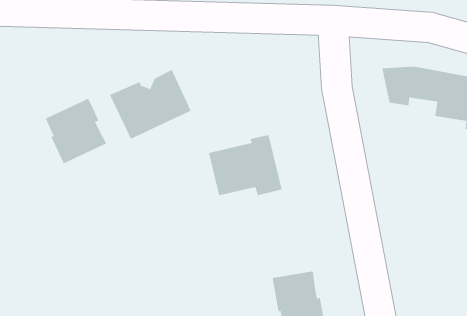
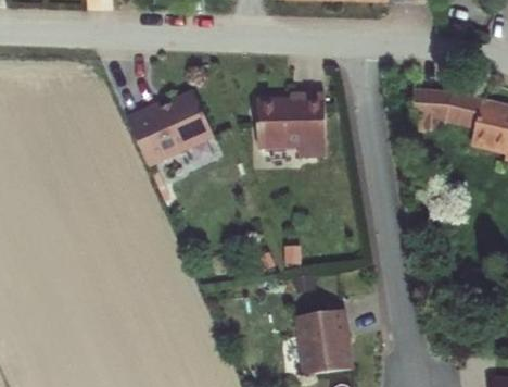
building: [45,98,107,164] -> none
building: [208,135,282,196] -> [250,91,329,157]

